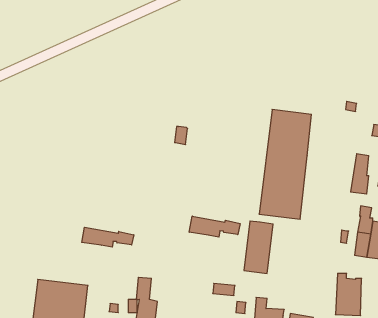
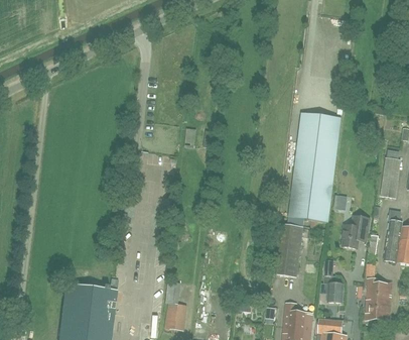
building: none -> [343,216,369,248]
building: [189,216,240,237] -> none
building: [82,227,134,247] -> none
building: none -> [323,260,345,303]

